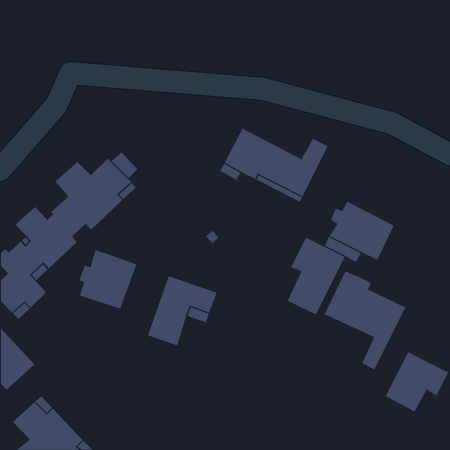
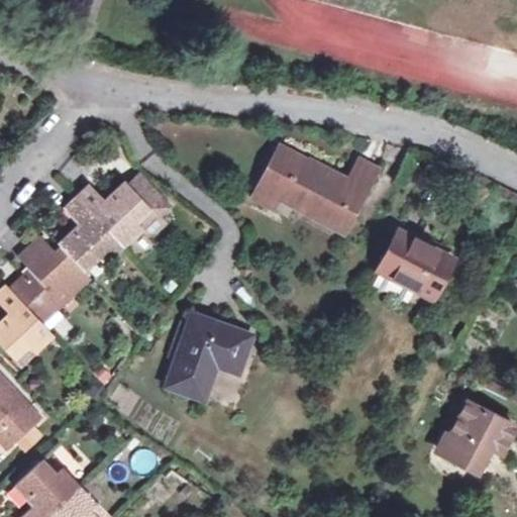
building: [287,237,345,315] -> none
building: [78,249,137,309] -> none
building: [324,270,406,370] -> none

